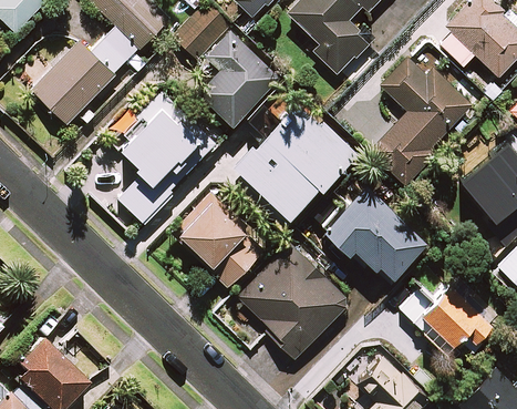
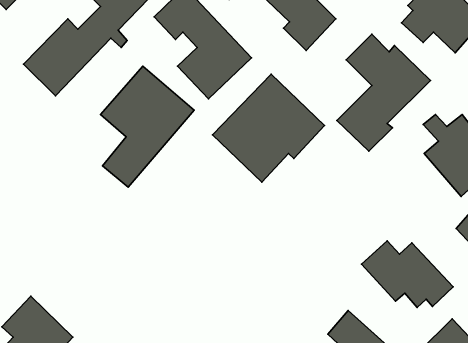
building: [323,185,427,283] -> none
building: [179,198,265,287] -> none
building: [238,253,350,359] -> none

